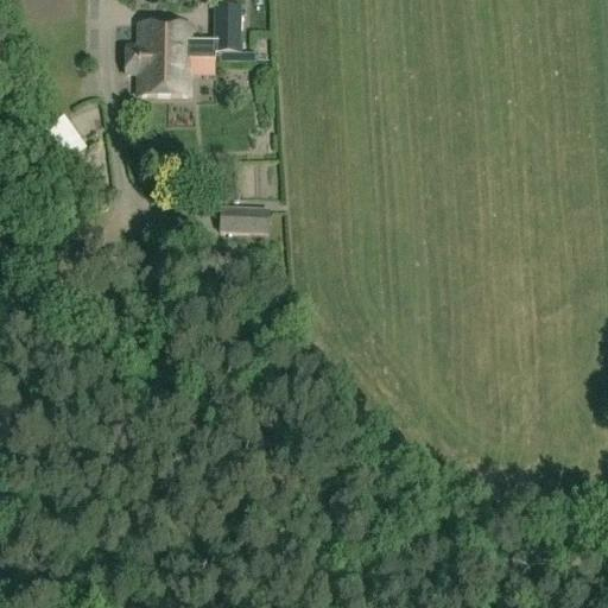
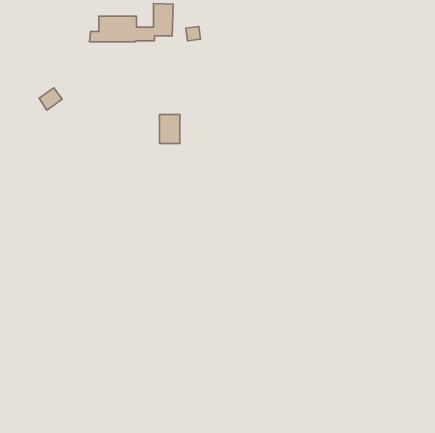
building: [126,58,190,95] -> none
building: [221,207,270,233] -> none

